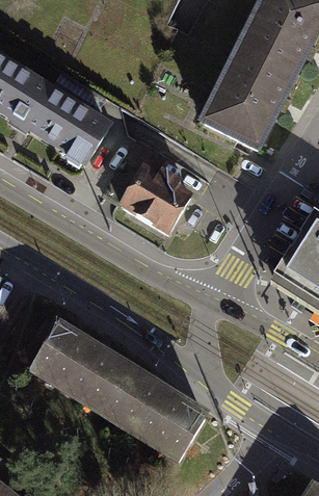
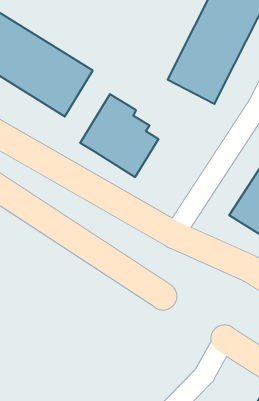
building: [31,325,215,466] -> none

